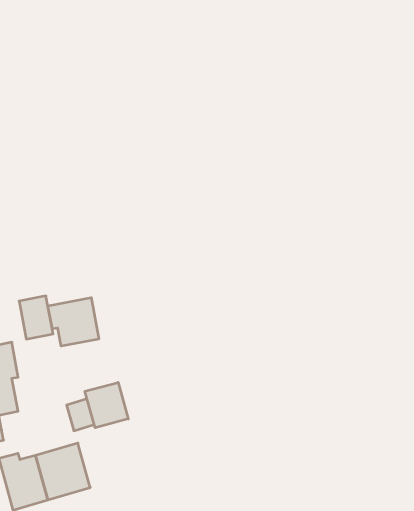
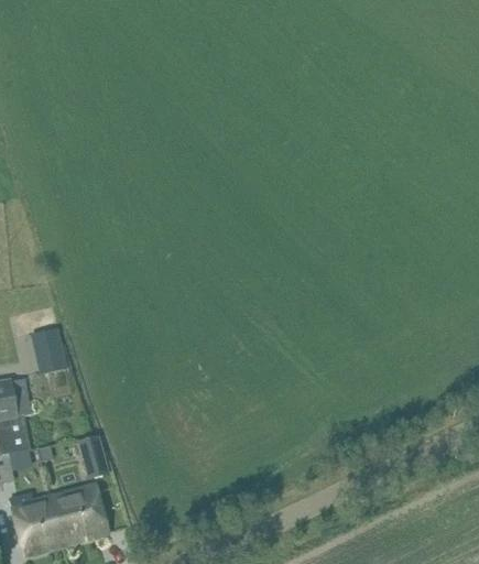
building: [48,298,99,346] -> none
building: [85,382,128,428] -> none

